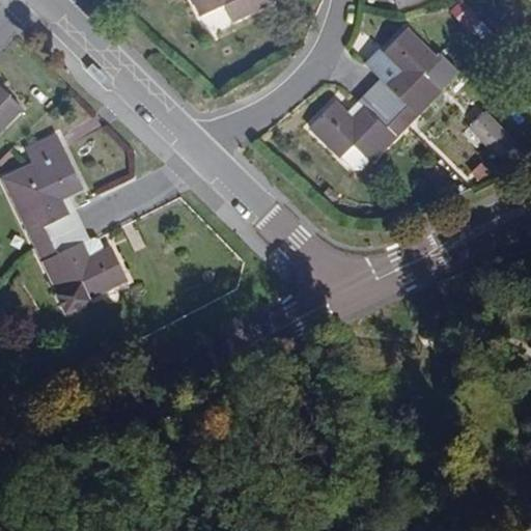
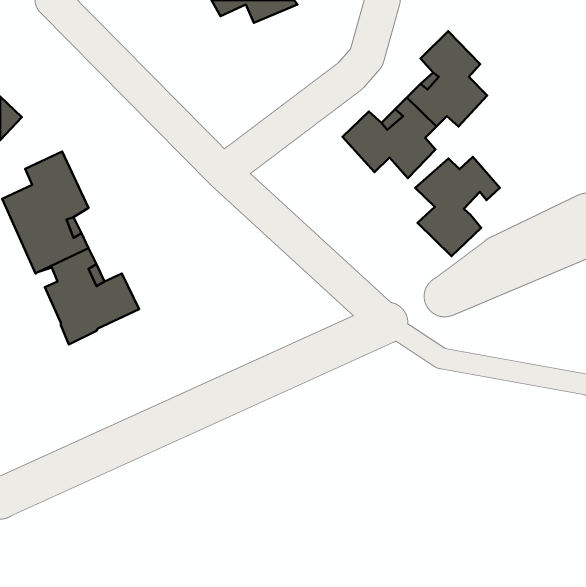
building: [471,110,519,159] -> none
building: none -> [415,157,500,256]

